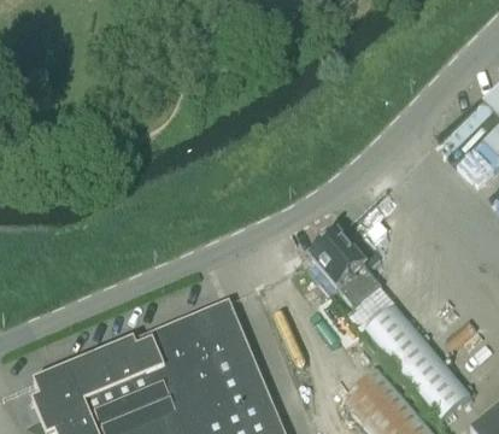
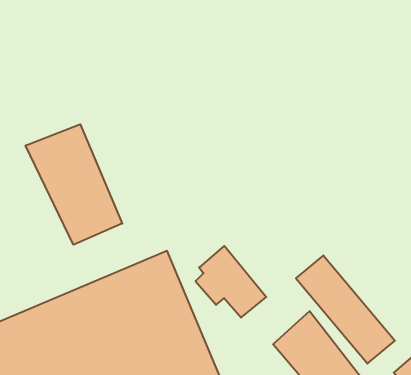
building: none -> [26,124,122,245]
building: [305,229,380,305] -> [196,246,266,318]

